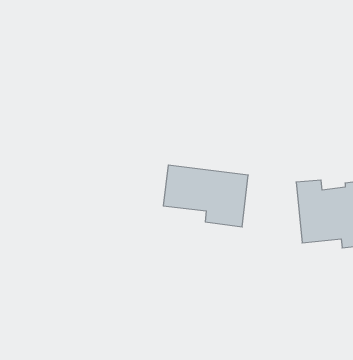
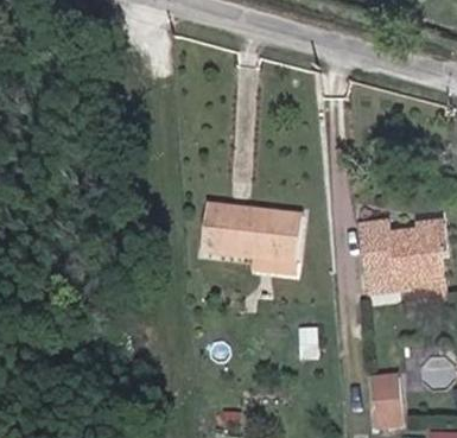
building: none -> [370,373,401,426]

